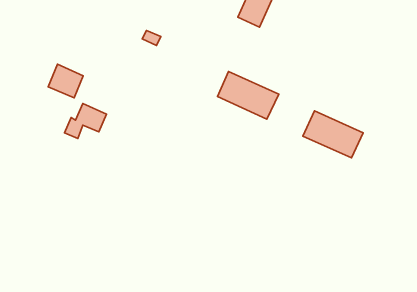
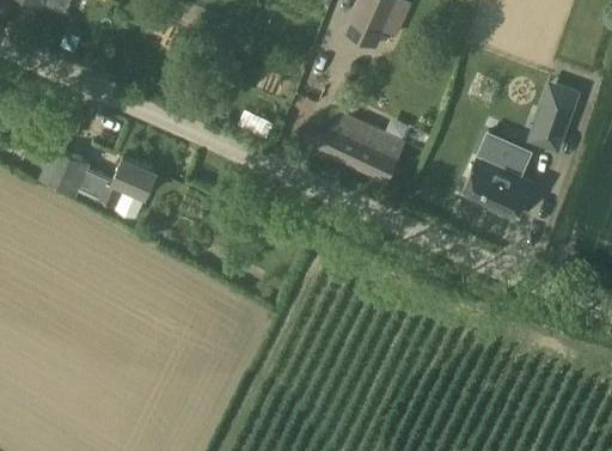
building: none -> [528,80,583,153]
building: [48,64,83,98] -> [39,148,90,196]
building: none -> [476,132,533,176]

